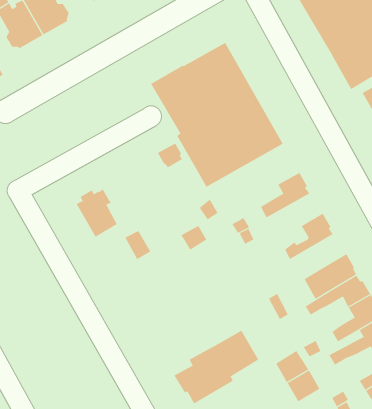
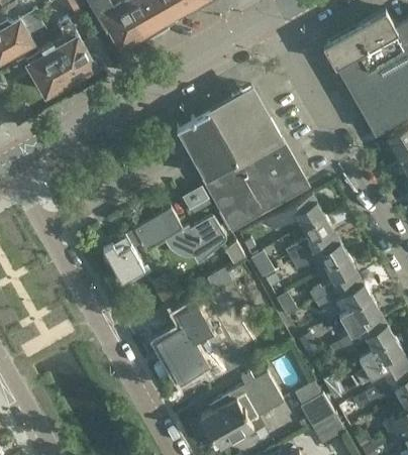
building: none -> [266,196,324,232]
building: none -> [129,208,226,264]
building: none -> [291,238,347,274]
building: none -> [314,278,371,313]
building: none -> [161,300,215,380]

